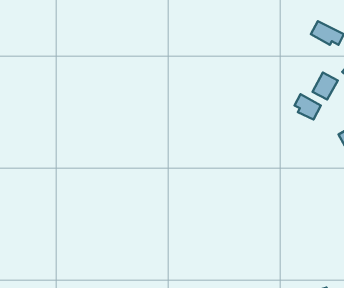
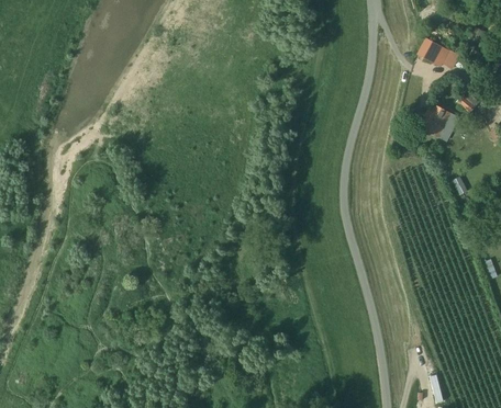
building: [294,94,321,120] -> none

